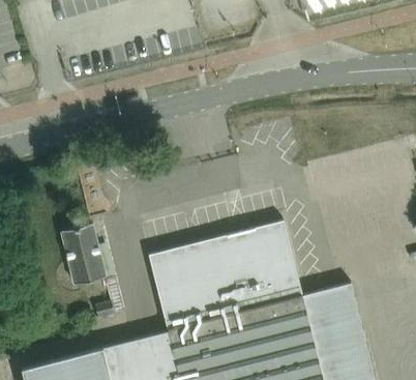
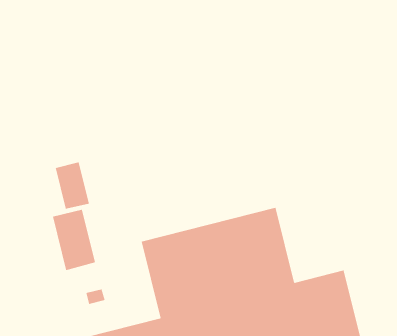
building: none -> [55,161,89,210]

